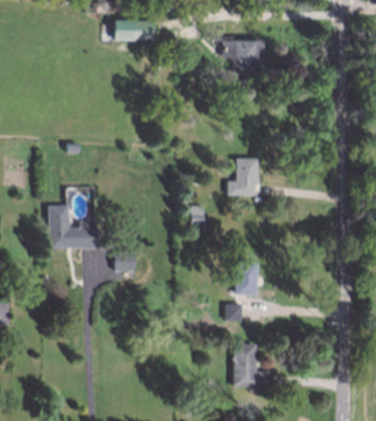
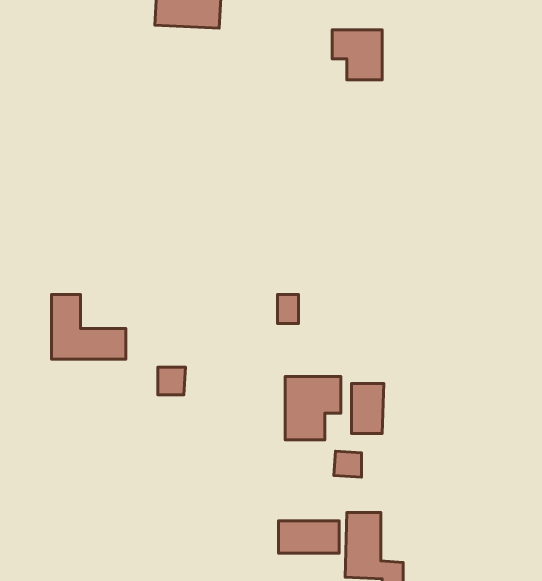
building: [238,157,256,194] -> none
building: none -> [285,376,341,440]
building: none -> [278,521,339,553]

